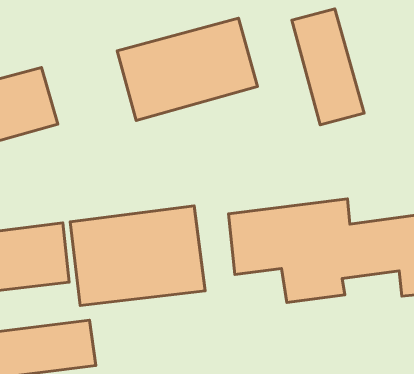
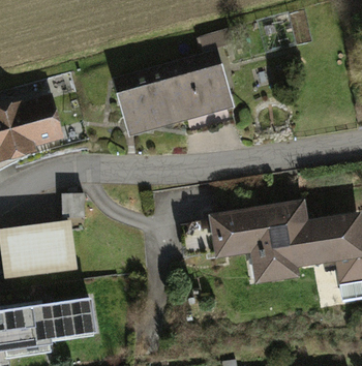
building: [292,9,364,125] -> none
building: [70,206,205,305] -> none

